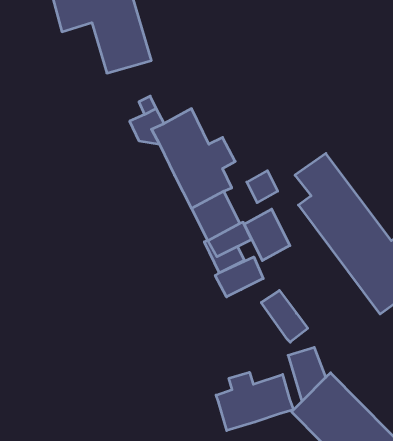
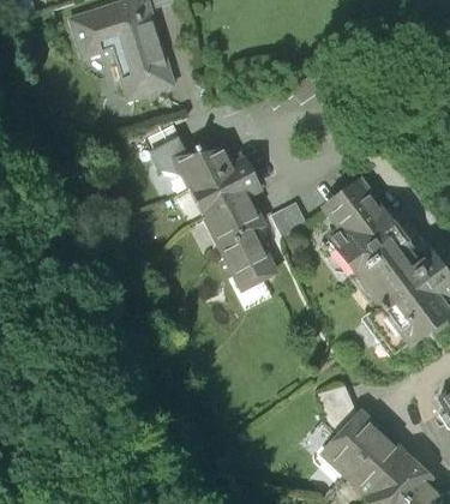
building: [244,209,290,261] -> none
building: [215,257,263,297] -> none
building: [261,290,308,342] -> none
building: [216,372,293,431] -> none

